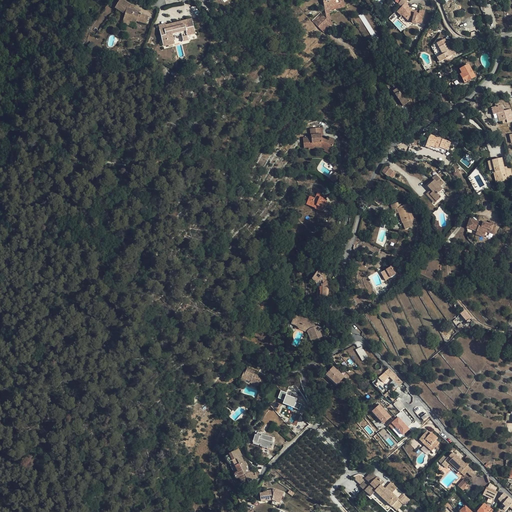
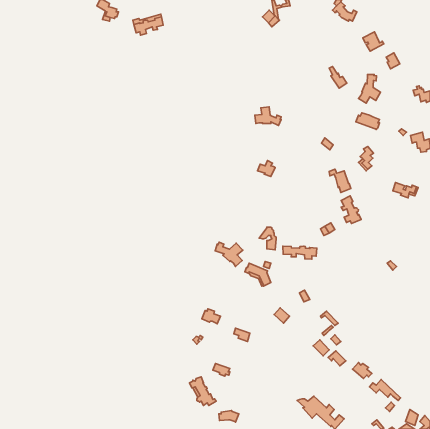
building: none -> [359,75,381,103]
building: none -> [341,196,361,224]
building: none -> [215,242,243,266]
building: none -> [283,246,317,259]

